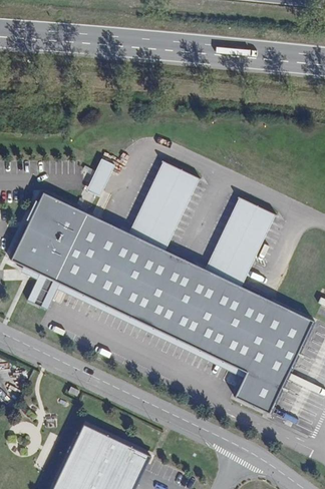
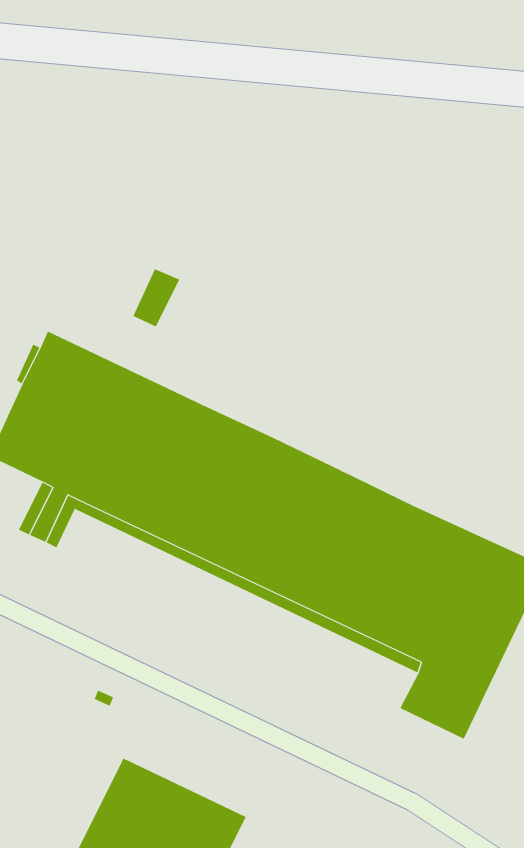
building: [126,159,201,250] -> none
building: [203,195,277,287] -> none

